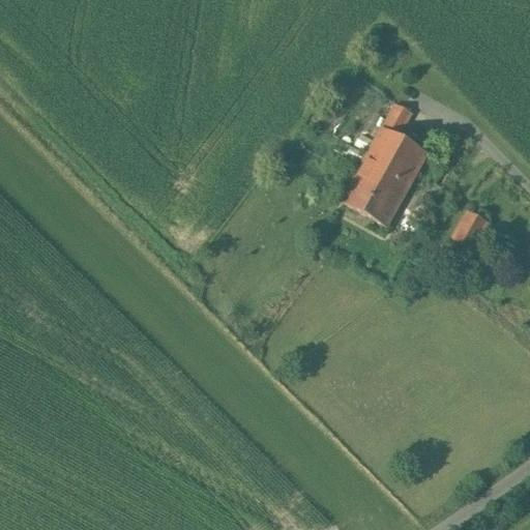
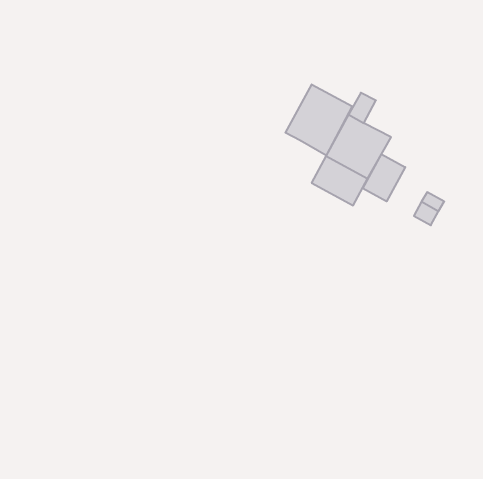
building: none -> [285,84,352,156]
building: none -> [363,154,405,201]

